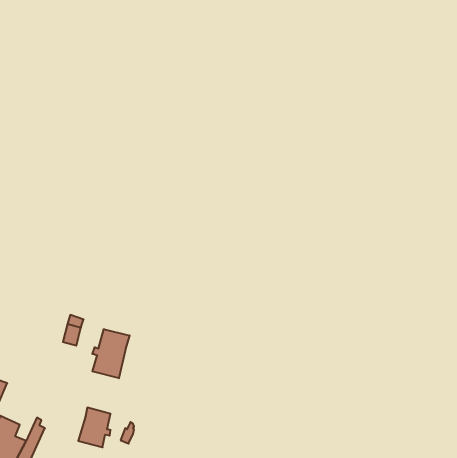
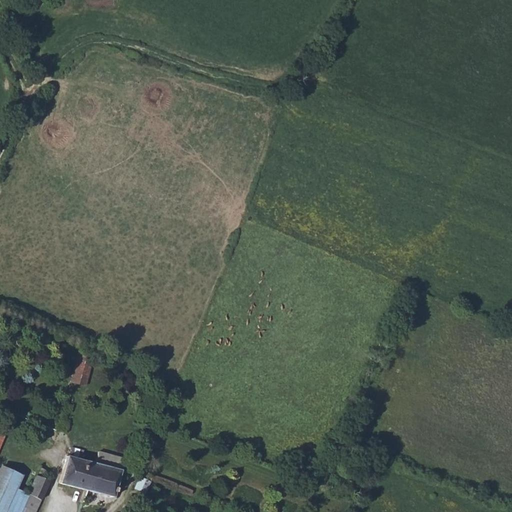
building: [92,329,130,378] -> none
building: none -> [59,447,95,492]

